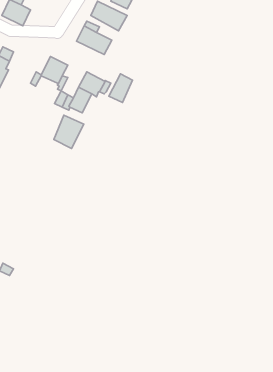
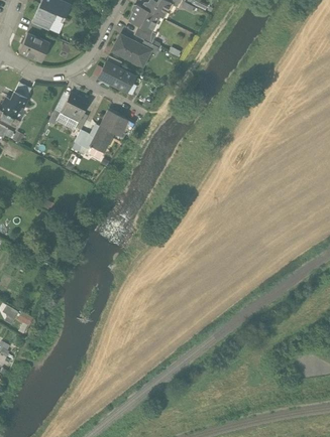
building: [109,74,133,102] -> none
building: [54,115,84,149] -> none

